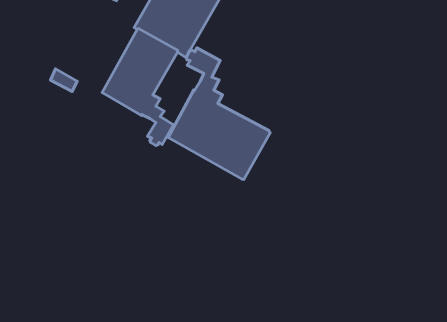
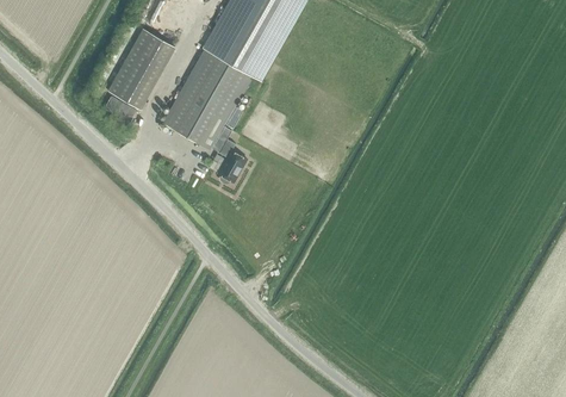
building: none -> [108,27,174,107]
building: [168,48,270,179] -> none

